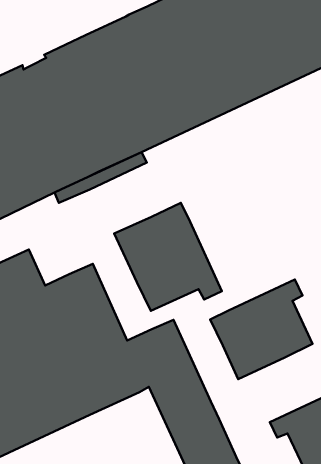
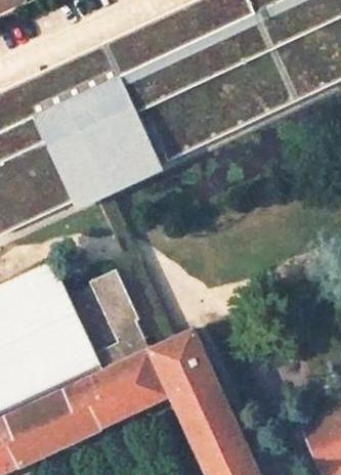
building: [114,203,222,311] -> none
building: [210,279,312,379] -> none

